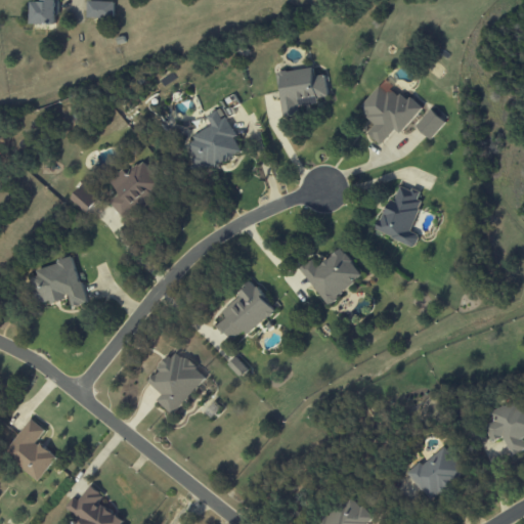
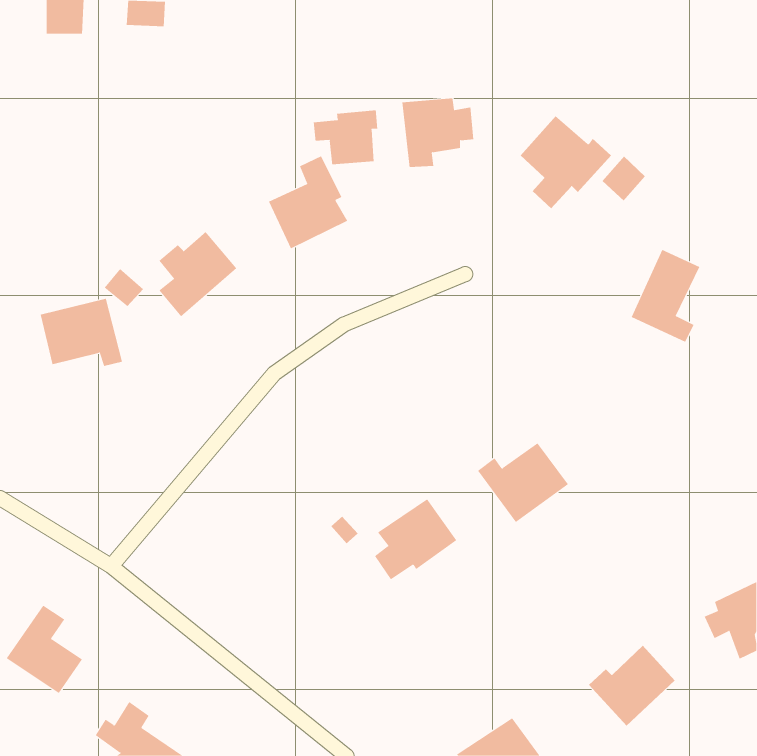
building: none -> [313,110,378,165]
building: [377,183,425,248] -> [631,249,700,343]
building: [300,248,363,303] -> [477,443,569,523]
building: [29,259,86,306] -> [40,298,123,366]
building: [218,283,275,340] -> [374,499,457,580]
building: [147,349,207,413] -> none

